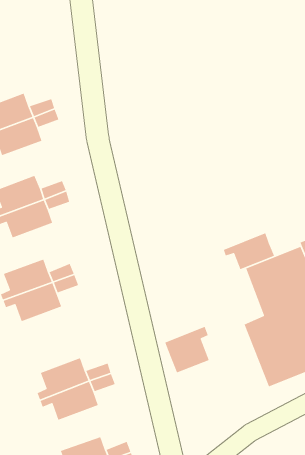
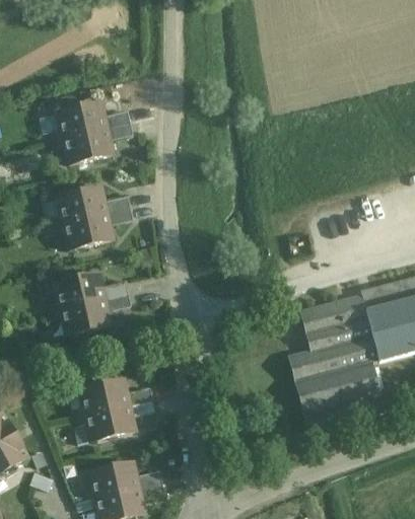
building: [223,232,275,270] -> none
building: [164,326,210,373] -> none

